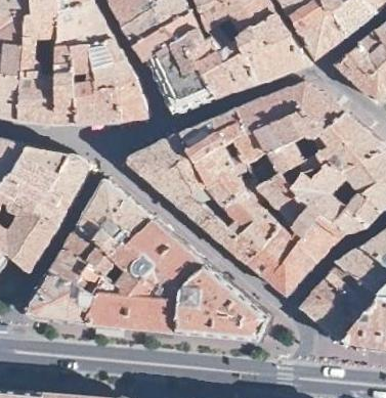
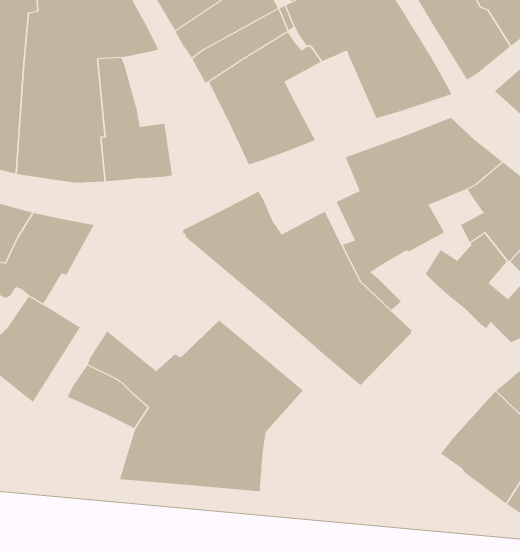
building: [87,38,146,122] -> none
building: [196,39,256,98] -> none
building: [178,109,245,168] -> none
building: [35,154,91,223] -> none
building: [246,172,346,296] -> none
building: [77,179,152,252] -> none
building: [179,265,270,340] -> none
building: [27,269,95,324] -> none

